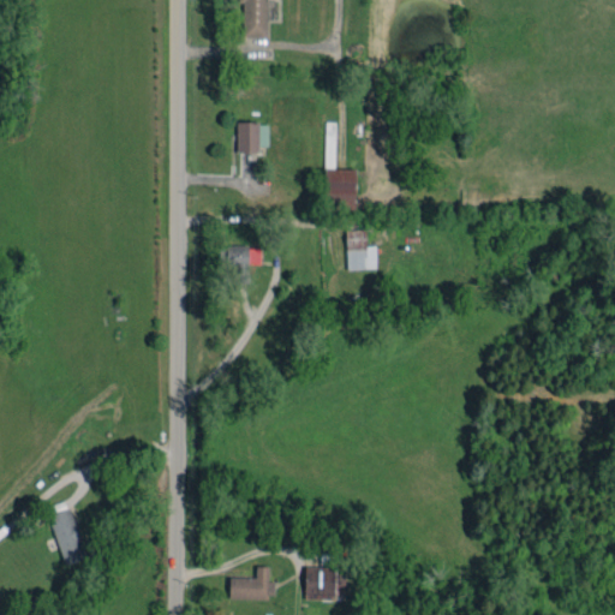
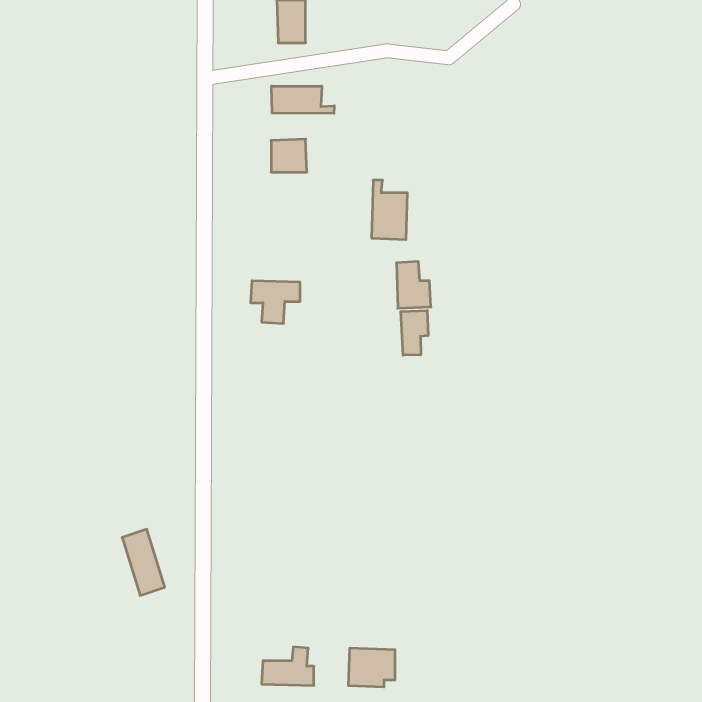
building: none -> [272,86,334,113]
building: none -> [401,310,428,355]
building: [49,508,86,566] -> [122,529,165,595]

